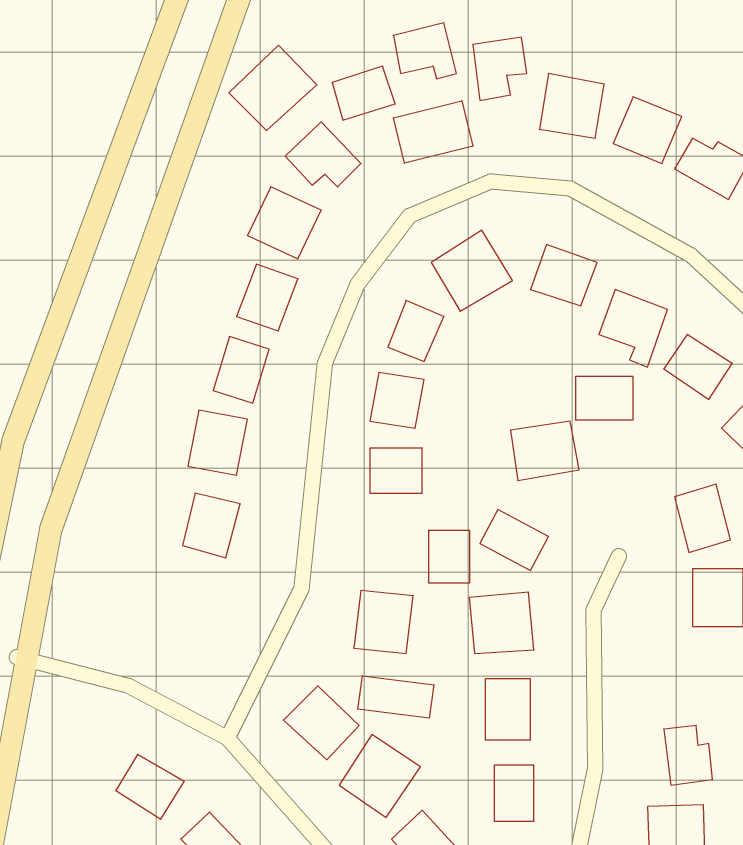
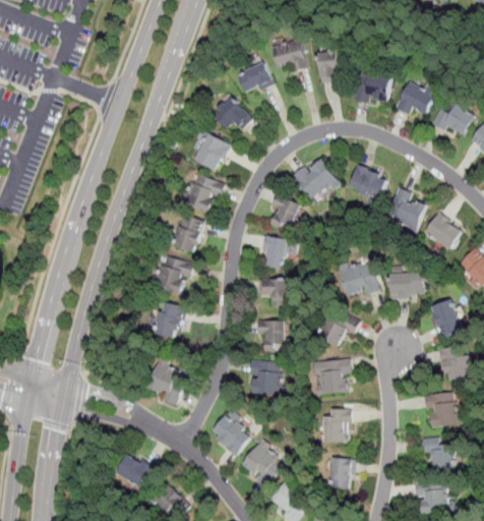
building: [229,45,317,131] -> none
building: [393,101,473,163] -> none
building: [575,377,633,420] -> [390,274,423,298]
building: [428,530,470,583] -> [260,320,284,349]
building: none -> [155,364,185,404]
building: none -> [426,391,460,426]
building: [358,676,434,718] -> none

